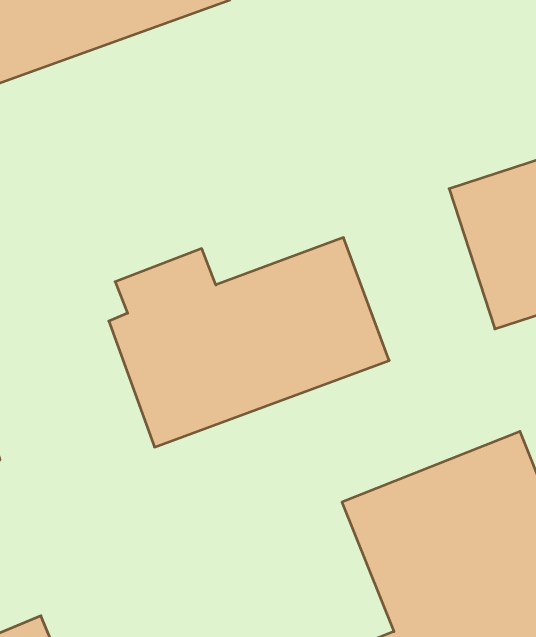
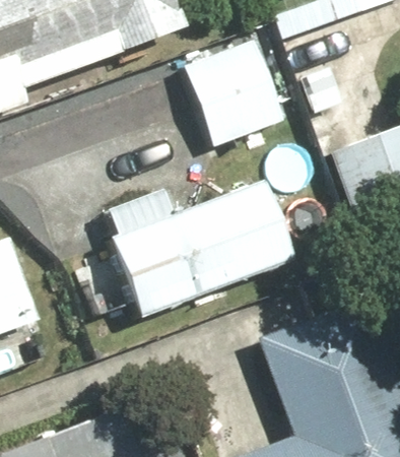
building: none -> [183,39,284,145]

